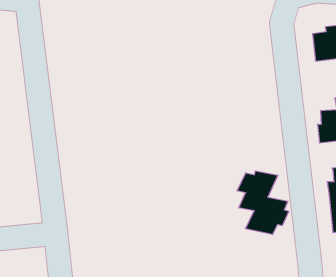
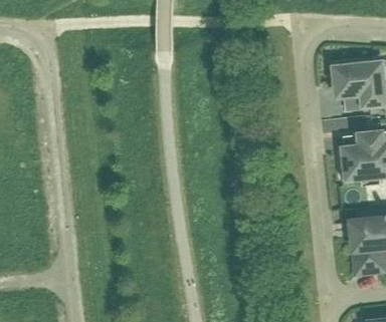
building: [237,171,289,235] -> none

